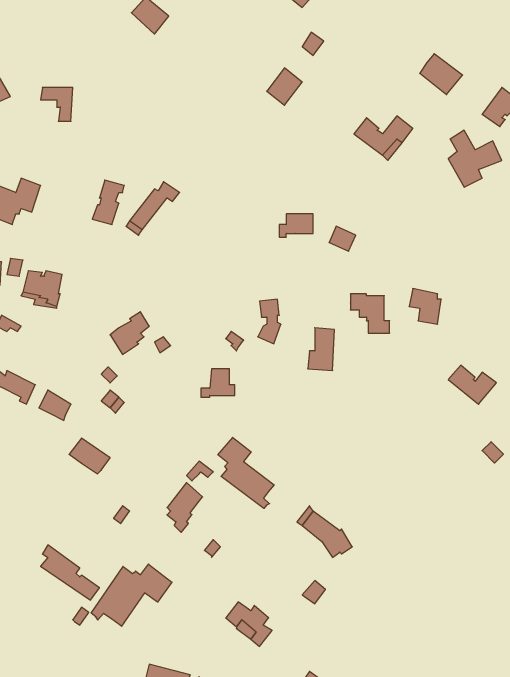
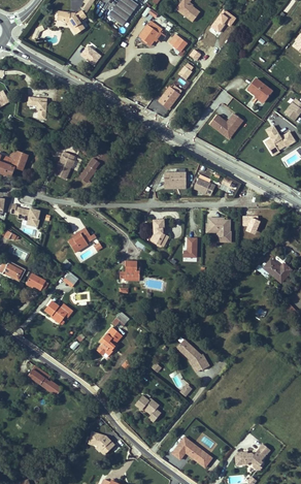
building: [218,437,274,508] -> none
building: [91,564,172,626] -> none

